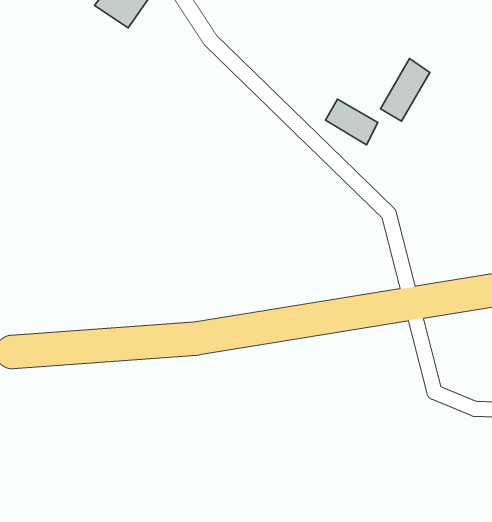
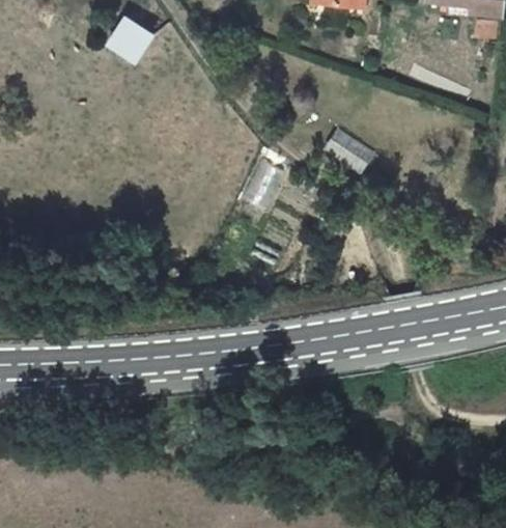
building: [380,58,430,121] -> none

